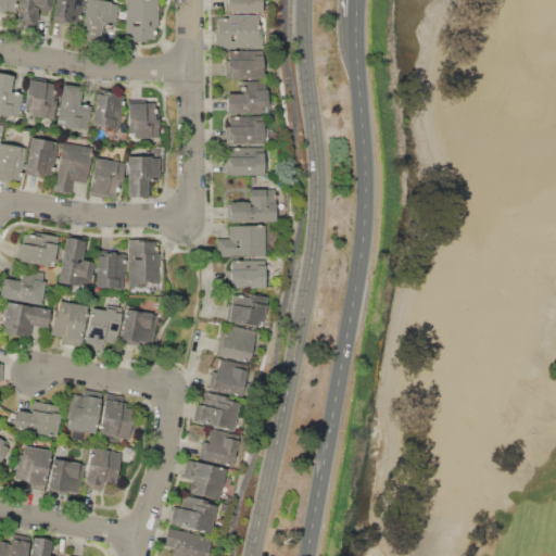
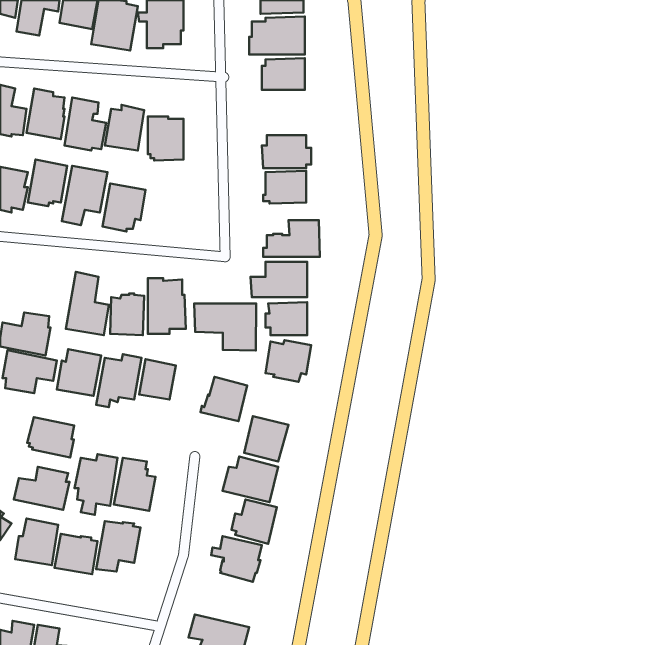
building: [227,81,271,115] -> none
building: [128,155,161,198] -> none
building: [17,229,59,267] -> none
building: none -> [194,303,256,350]
building: [216,325,256,363] -> [200,377,247,421]
building: none -> [27,417,74,457]
building: [176,495,217,533] -> none

